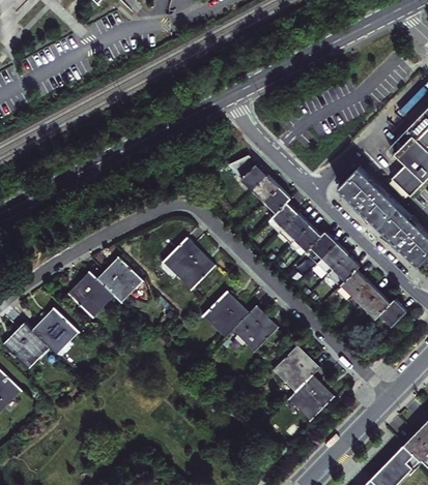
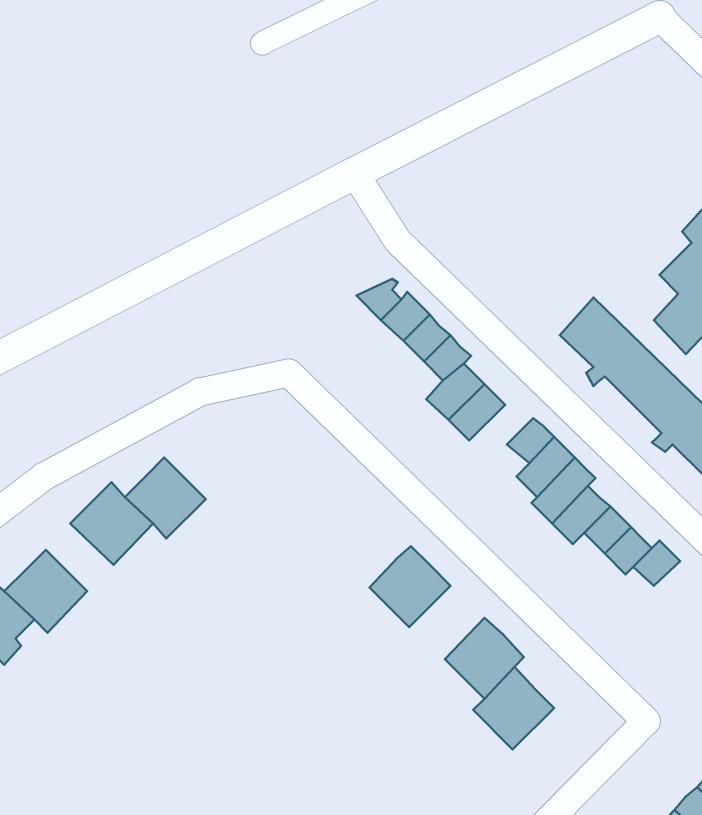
building: [288,226,319,257] -> none
building: [165,236,215,285] -> none
building: [204,289,249,334] -> none

